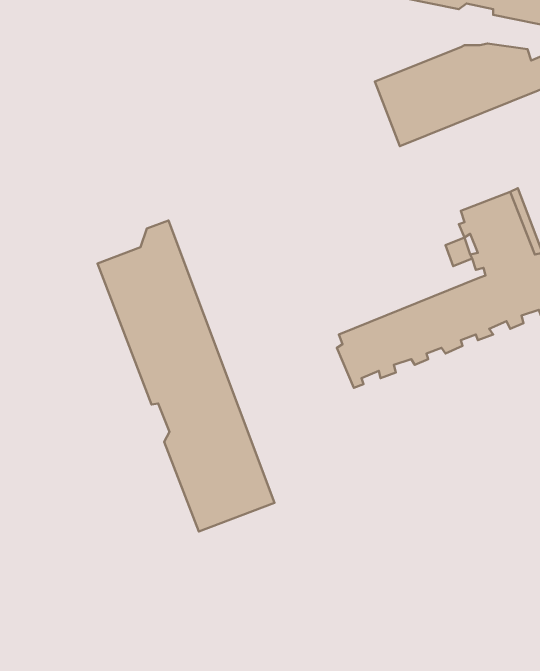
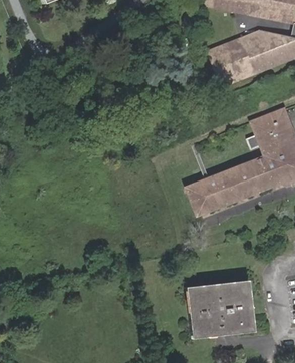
building: [97,220,274,532] -> none
building: none -> [191,283,253,335]

